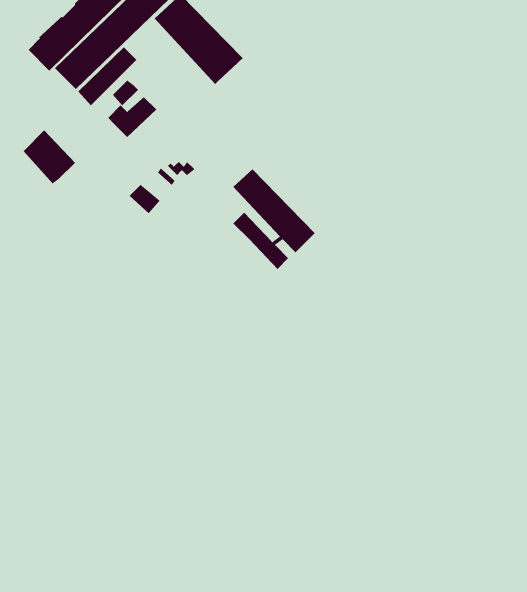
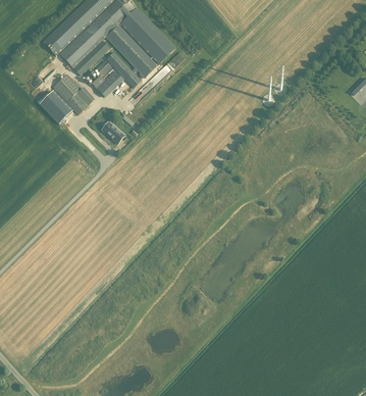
building: none -> [52,73,94,114]
building: [233,169,316,270] -> [105,24,156,87]

